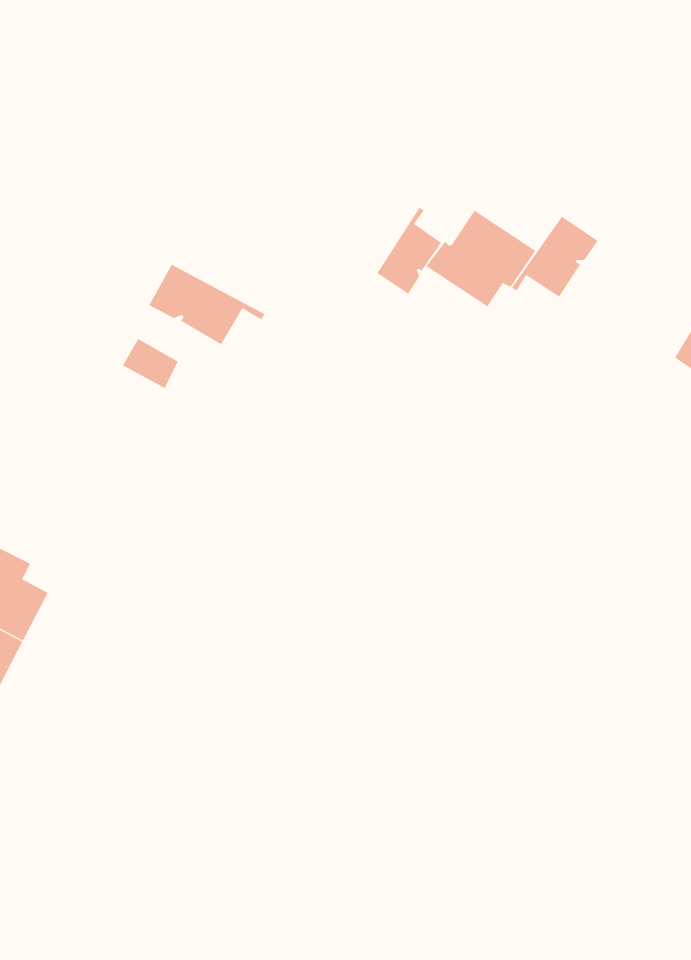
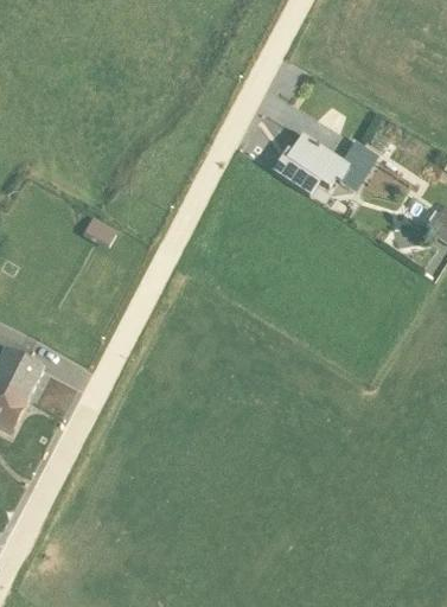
building: [377,207,442,294] -> none
building: [149,264,265,345] -> none

